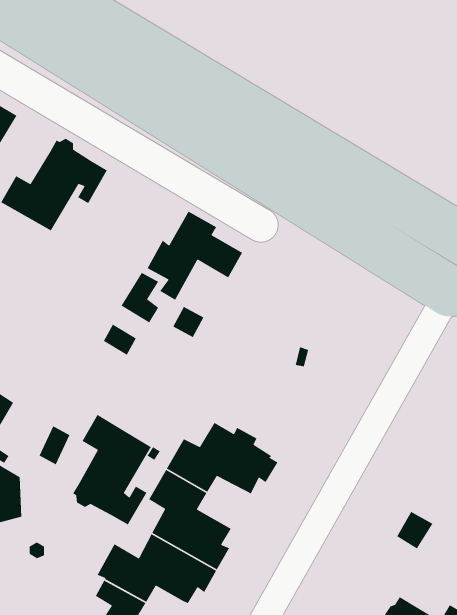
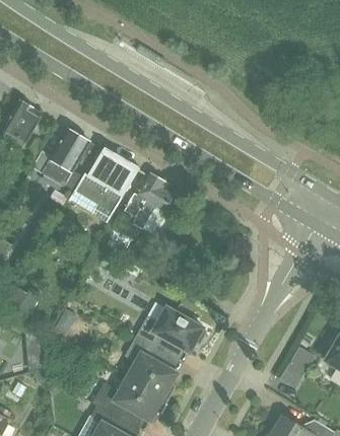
building: none -> [70,147,140,221]
building: [72,414,152,526] -> none

